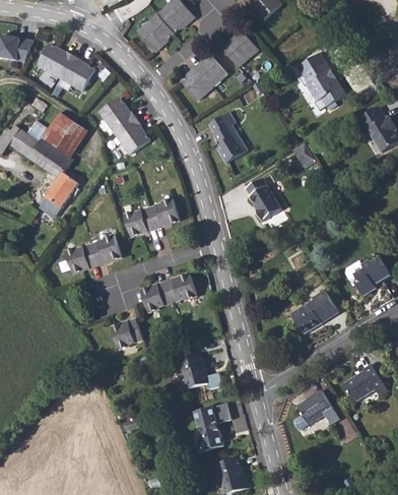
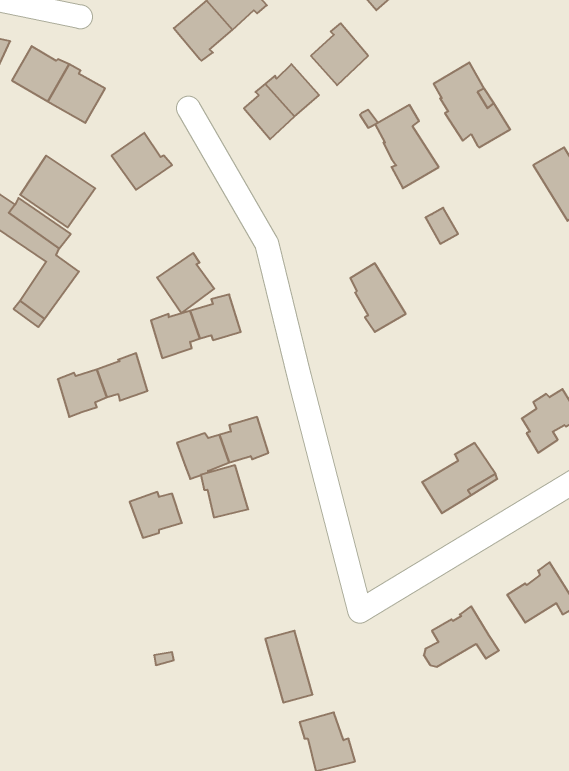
building: [208,111,248,163] -> [375,105,439,188]
building: [114,117,149,154] -> [157,253,214,313]
building: [180,356,209,388] -> [201,465,248,517]

